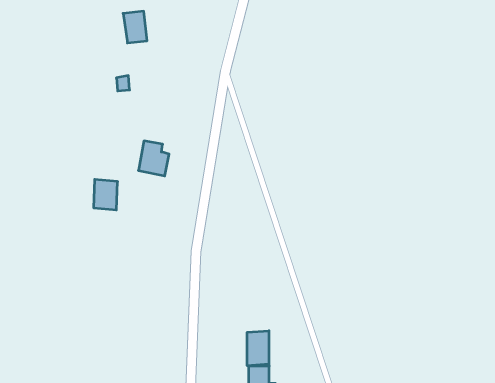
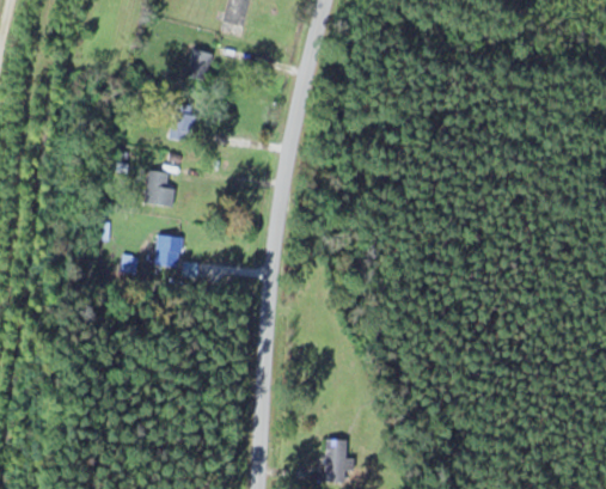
building: [138,141,169,176] -> [143,169,177,207]
building: [247,331,269,366] -> none

